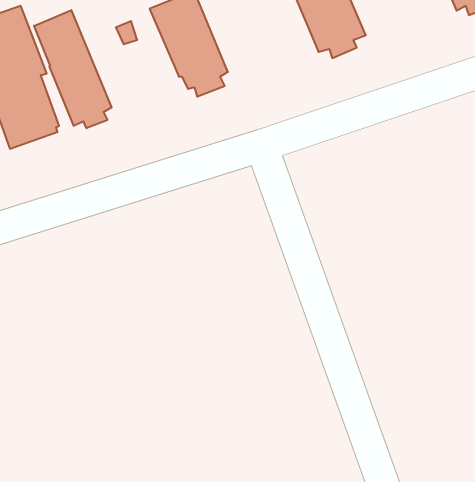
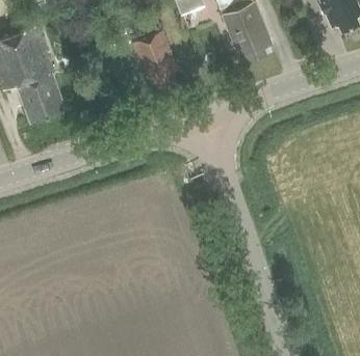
building: [34,10,112,128] -> none

